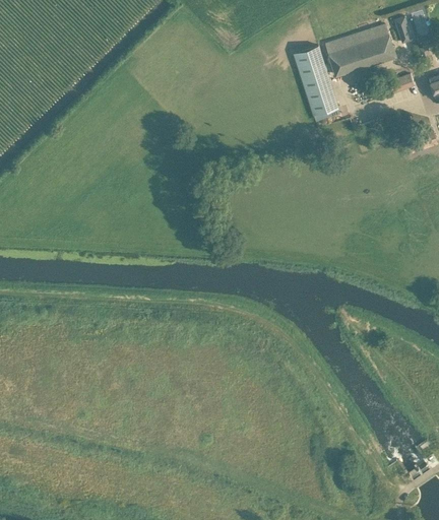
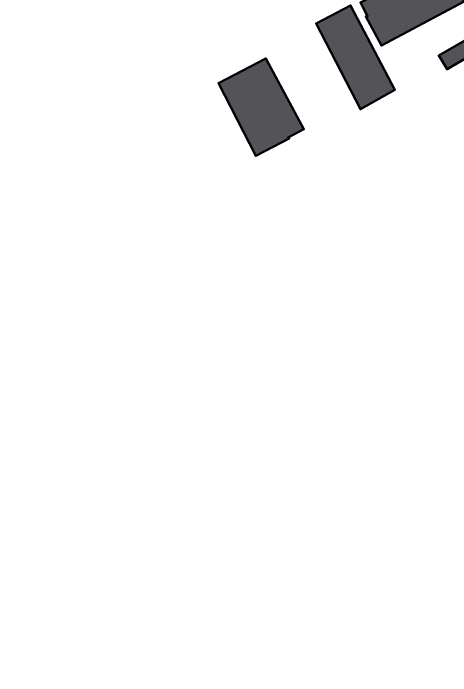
building: none -> [218,59,304,156]

